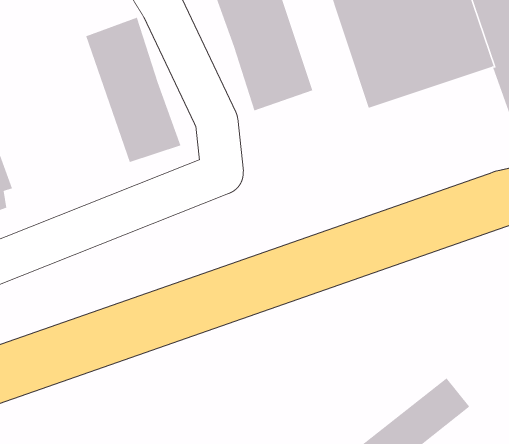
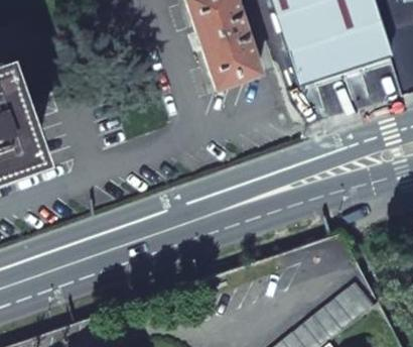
building: [85,17,181,163] -> none

